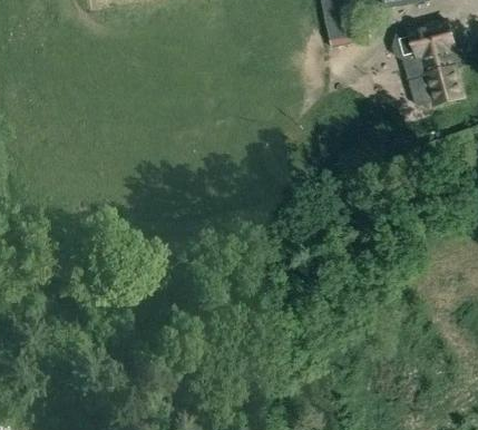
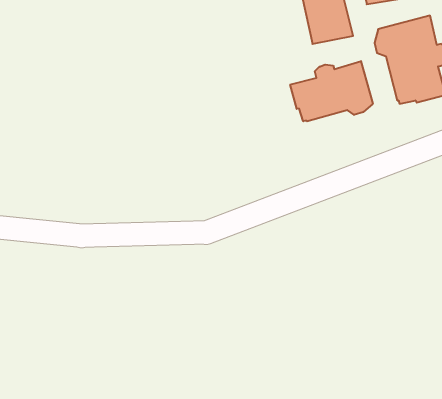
building: none -> [290,61,373,121]

